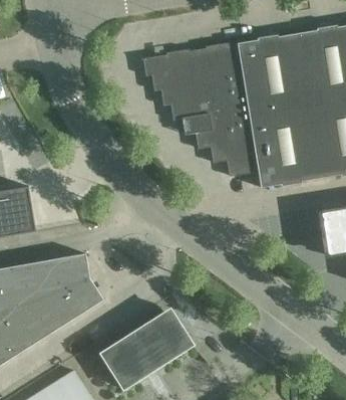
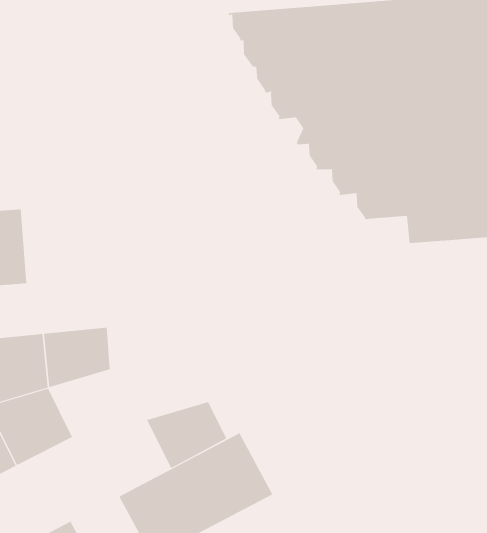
building: [53,278,102,321] -> [146,401,227,469]

